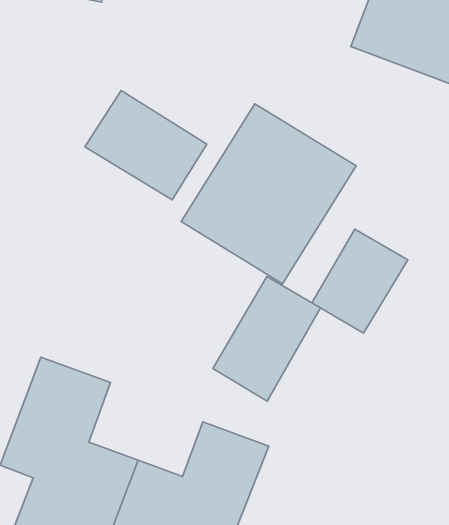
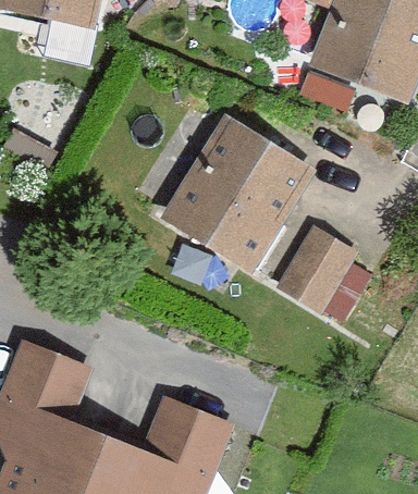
building: [85,90,207,200] -> none
building: [213,276,320,401] -> none

